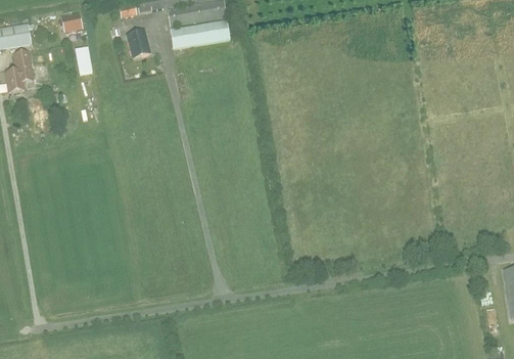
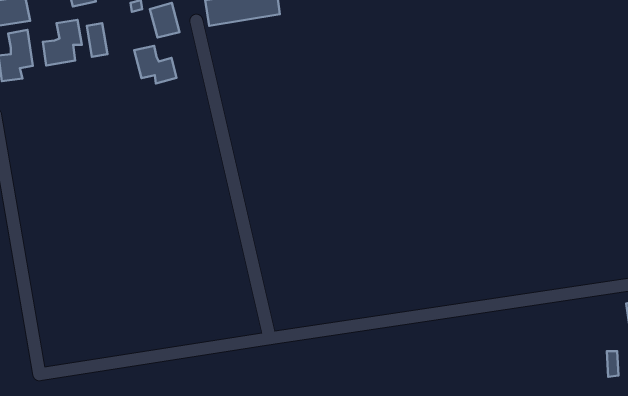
building: none -> [43,20,82,65]
building: none -> [134,46,177,84]

